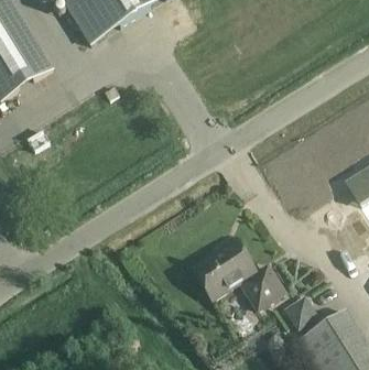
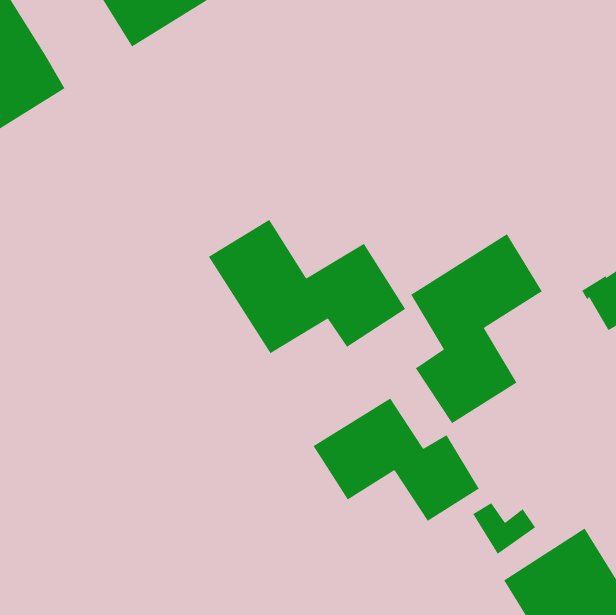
building: none -> [208,219,406,354]
building: none -> [410,233,543,424]

